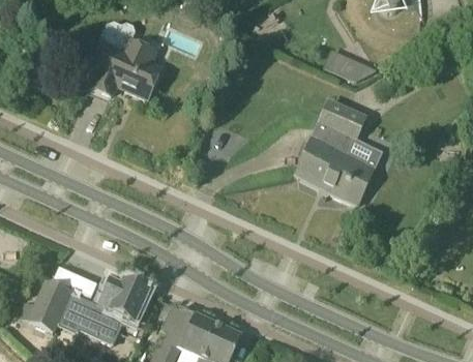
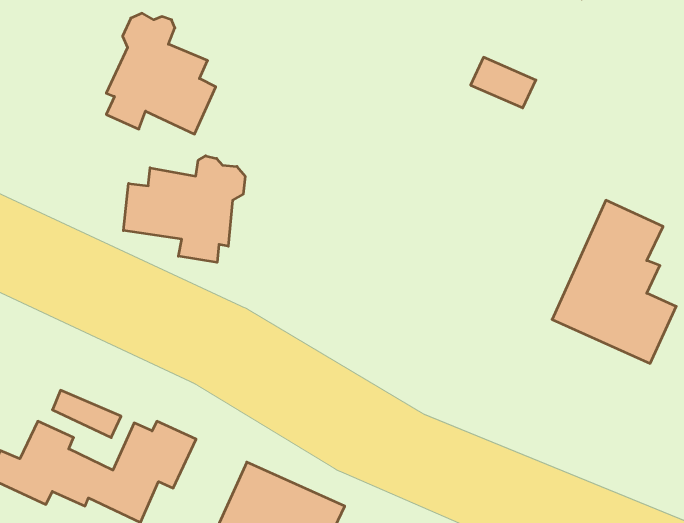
building: [295,100,374,204] -> [552,200,676,363]
building: none -> [123,156,245,262]

